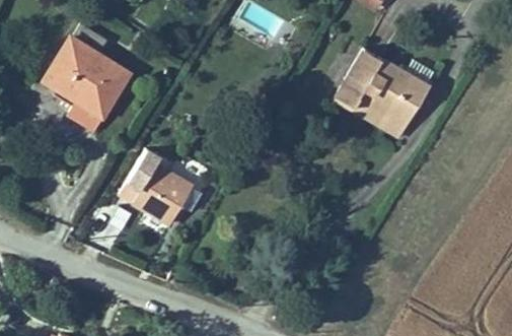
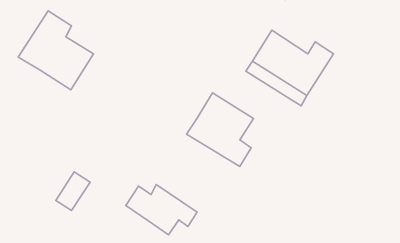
building: none -> [186,93,254,167]
building: [119,167,205,228] -> [126,184,197,235]

